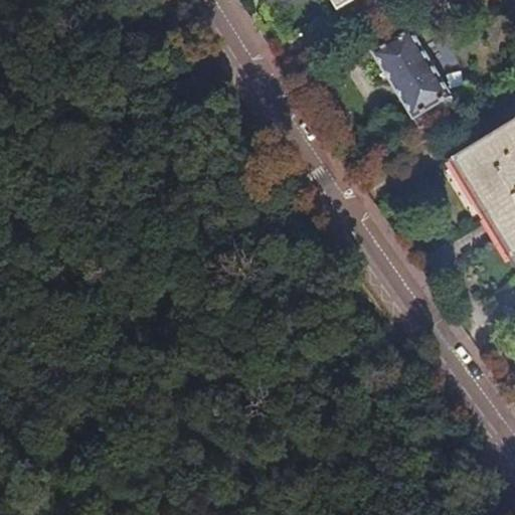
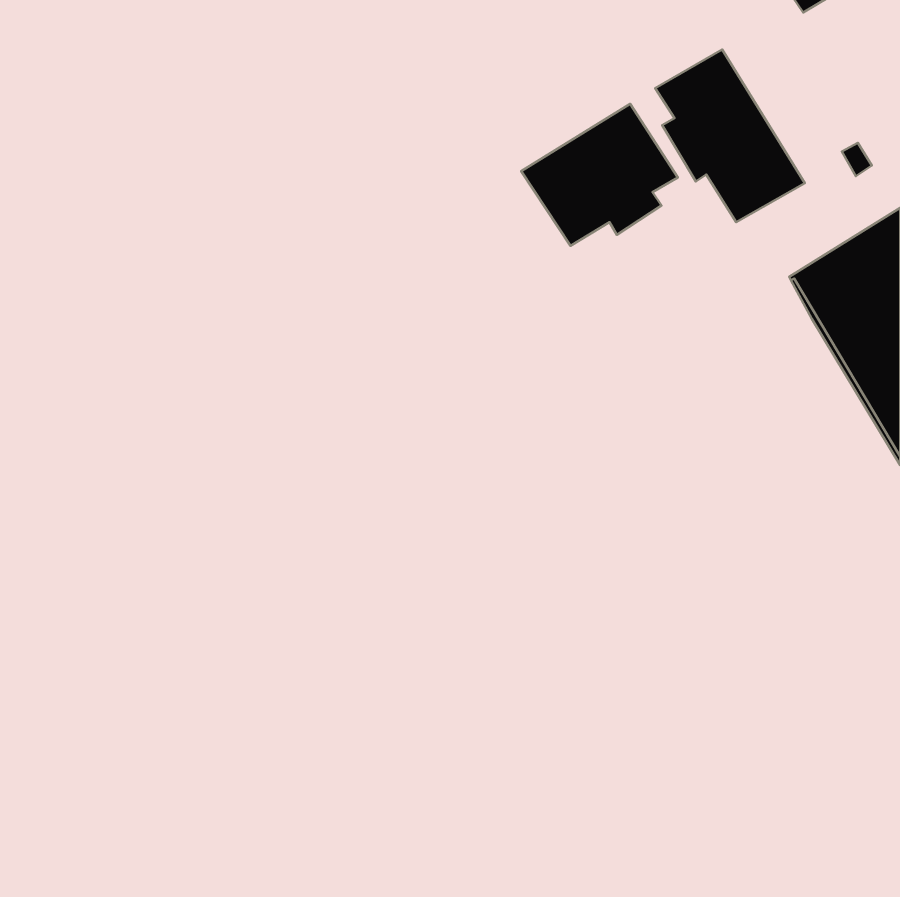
building: none -> [521,104,678,246]

